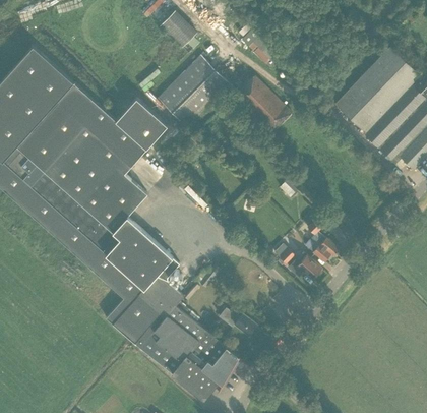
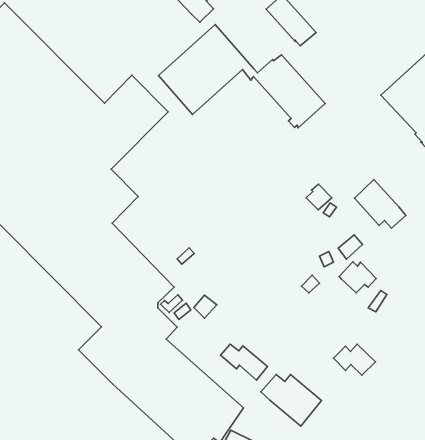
building: none -> [354,180,406,228]
building: [288,255,321,280] -> [333,344,376,375]
building: none -> [261,374,321,426]

